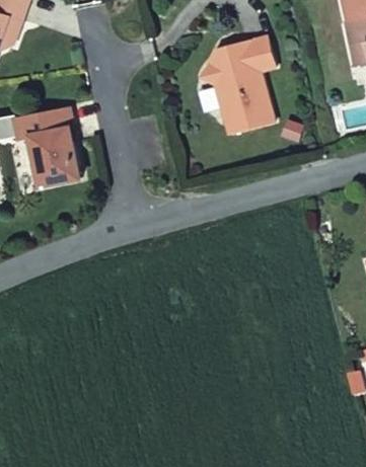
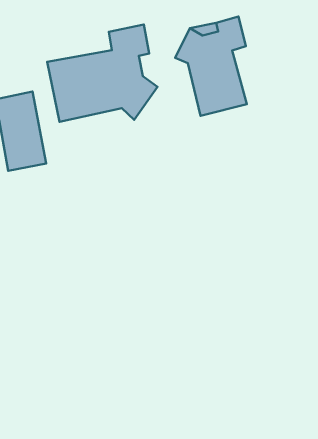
building: none -> [47,25,157,122]

